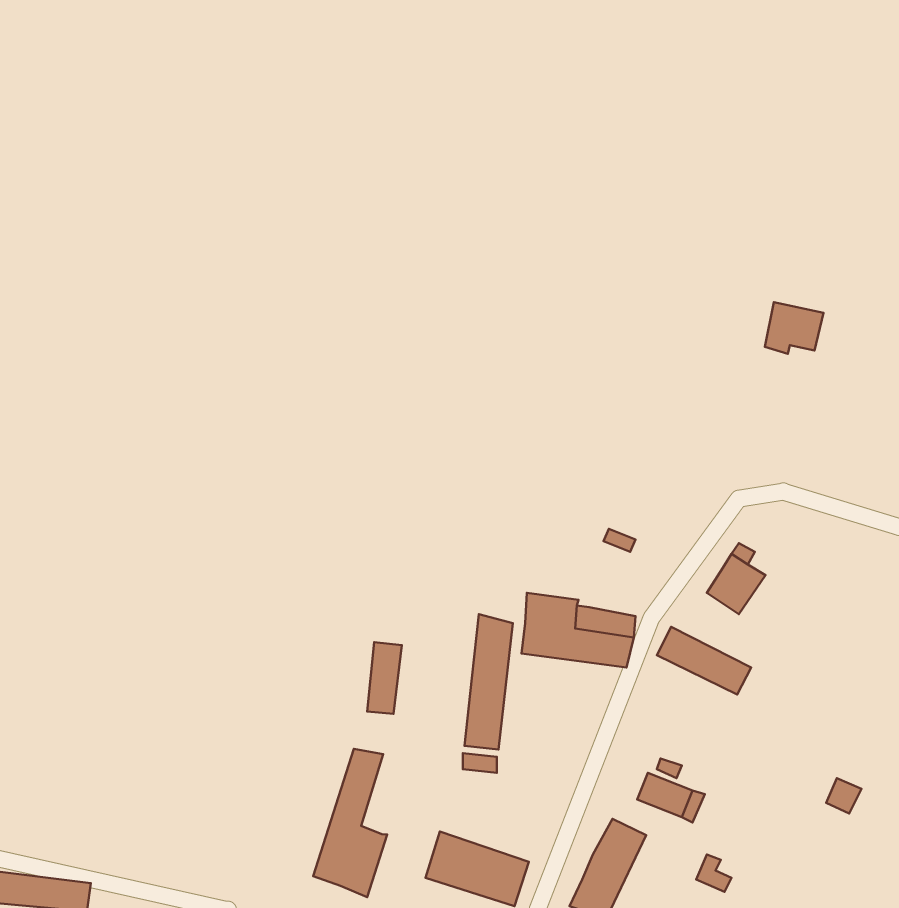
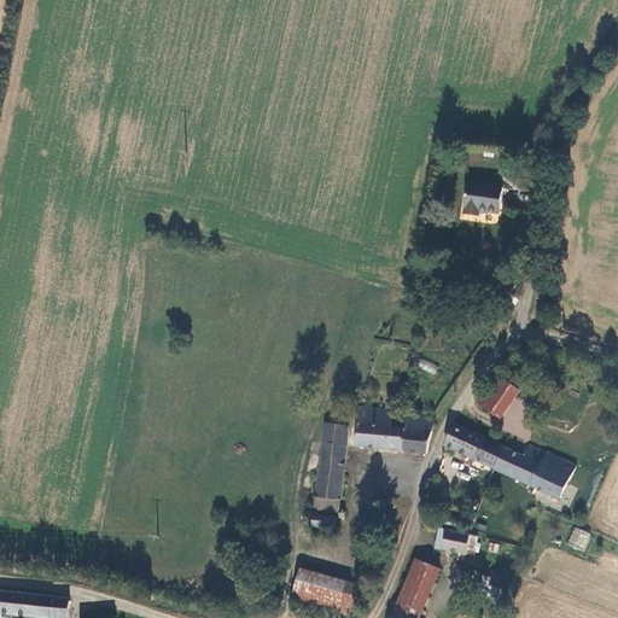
building: [765,302,824,354] -> [464,187,503,222]
building: [367,642,402,714] -> none
building: none -> [500,445,572,501]
building: [313,749,387,897] -> none

